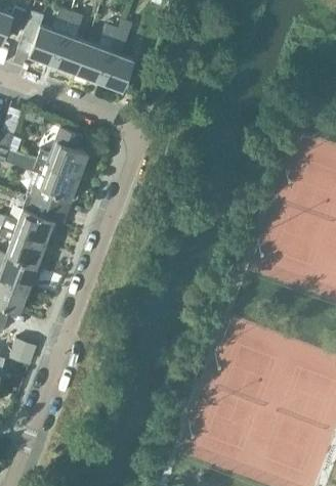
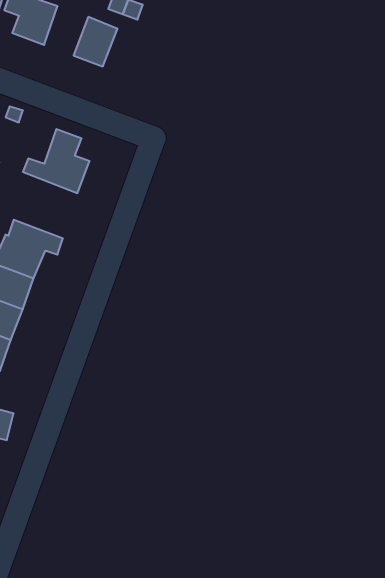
building: [53,34,87,72] -> none
building: [98,51,133,89] -> none
building: [30,161,81,212] -> none

